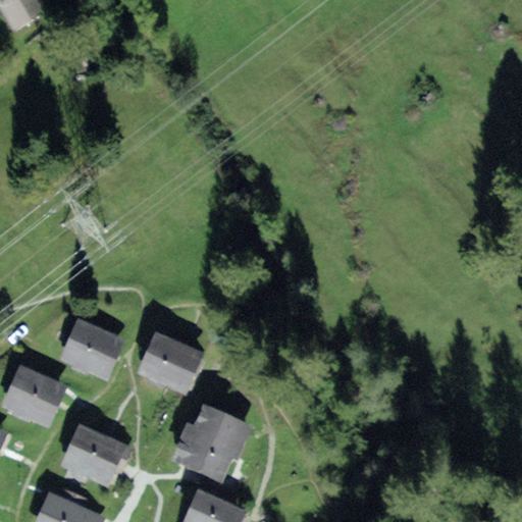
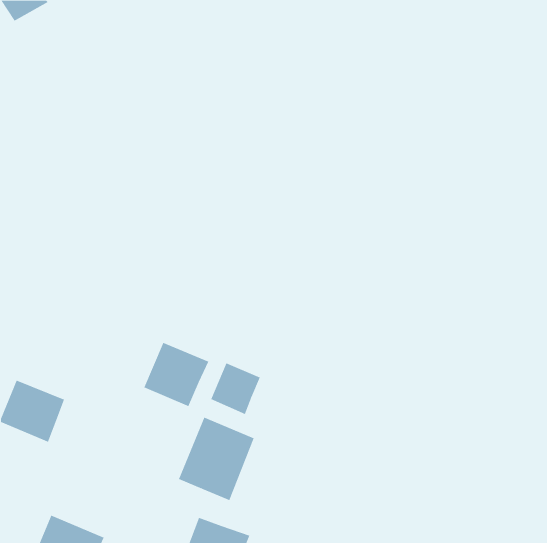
building: [61,317,124,379] -> none
building: none -> [210,363,260,415]
building: [65,424,126,484] -> none

